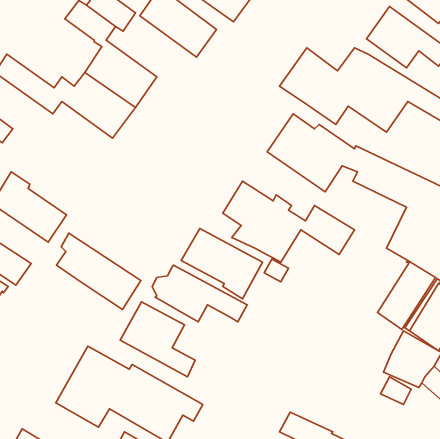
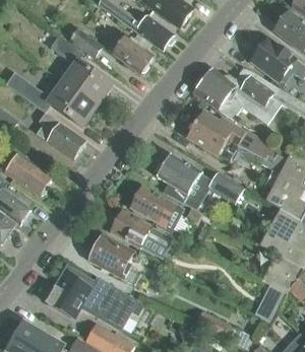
building: [57,233,141,310] -> [32,110,87,160]

